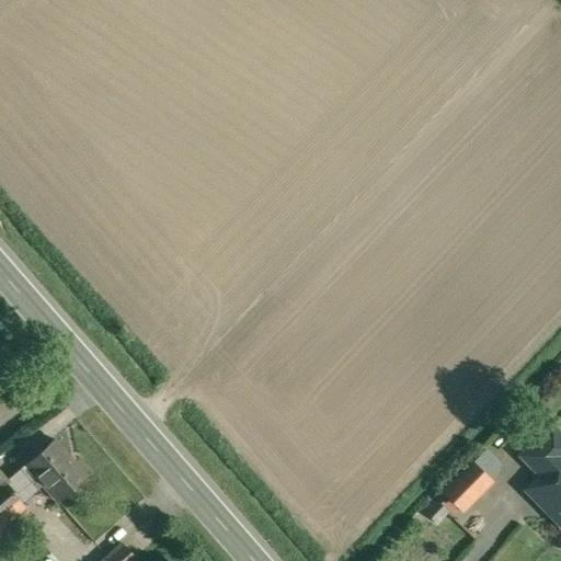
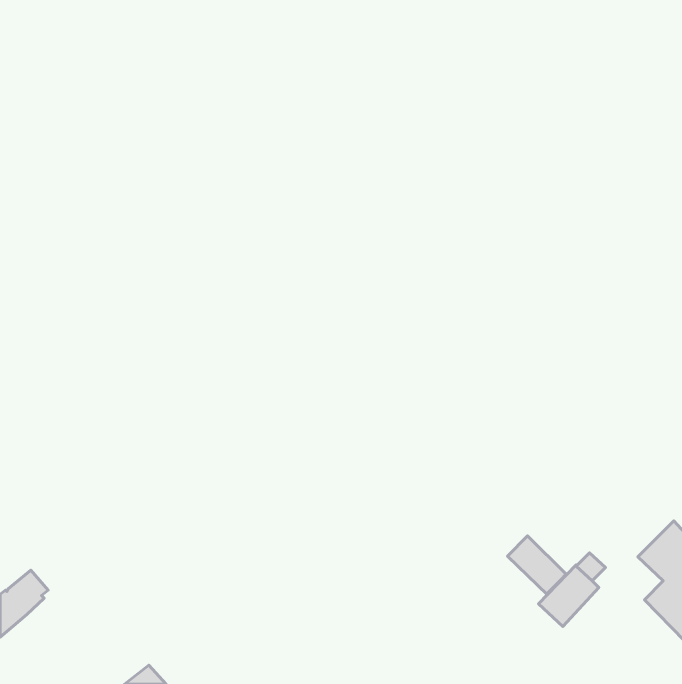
building: none -> [508,536,566,595]
building: [26,440,89,503] -> none

